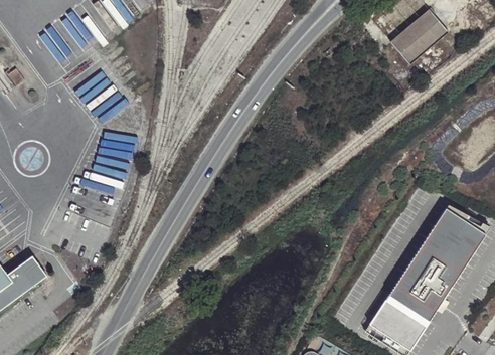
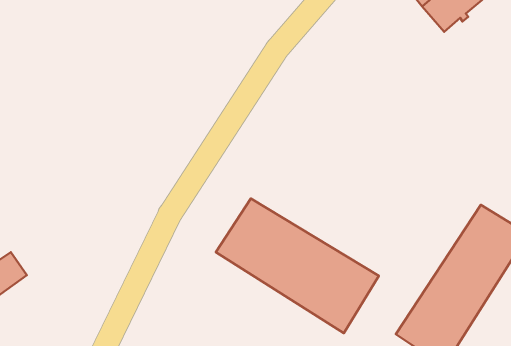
building: none -> [216,199,379,333]

